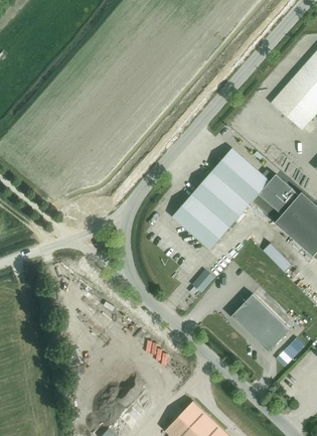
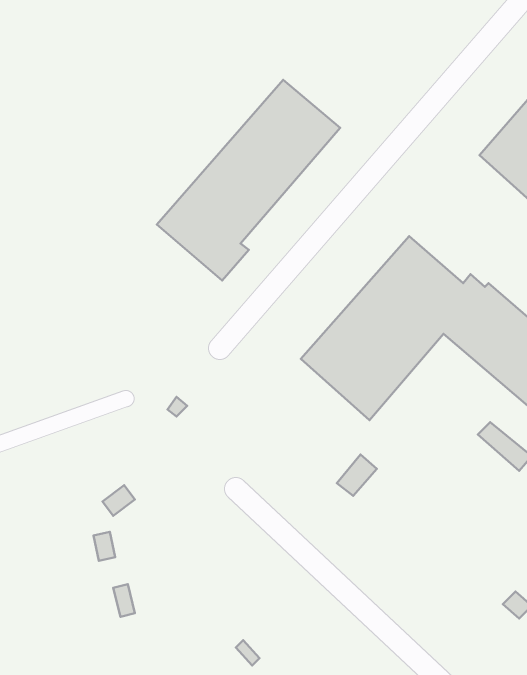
building: none -> [157,80,340,281]
building: [231,293,290,350] -> none

